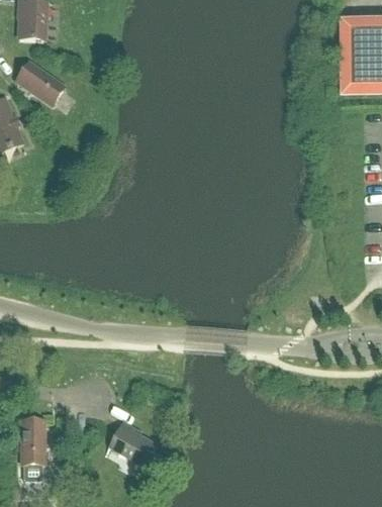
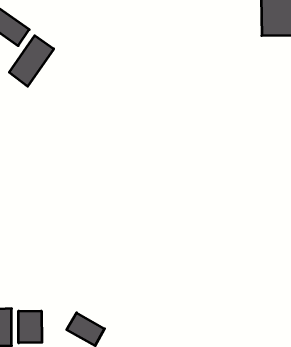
building: none -> [9,36,54,86]
building: none -> [19,311,42,343]

